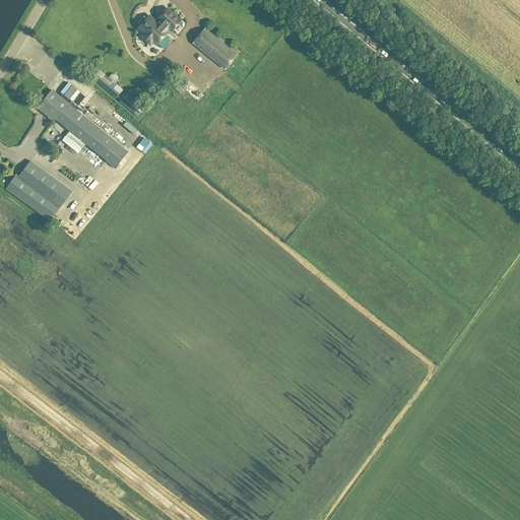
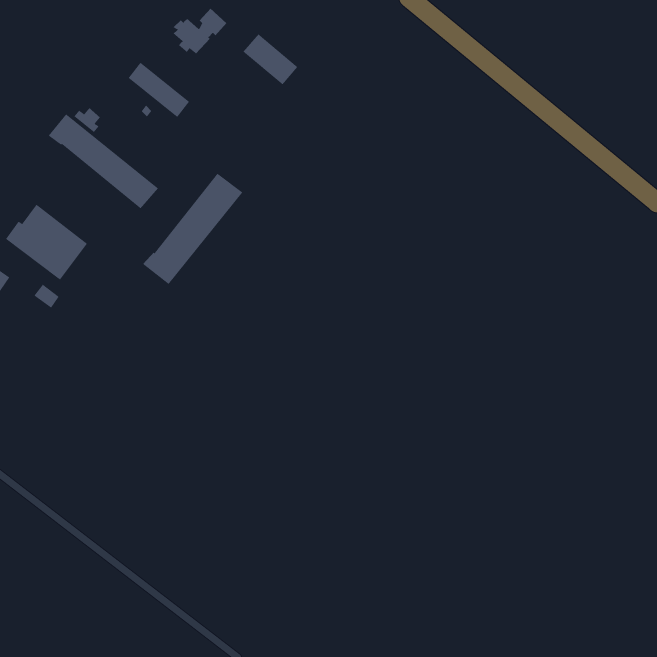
building: none -> [128,62,190,118]
building: none -> [142,173,243,285]

